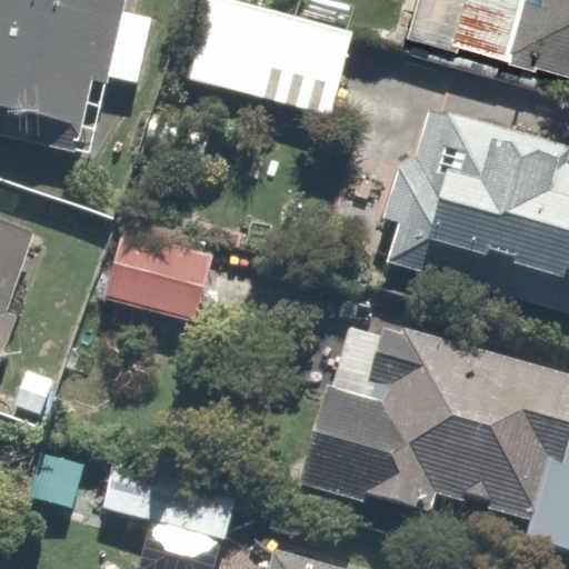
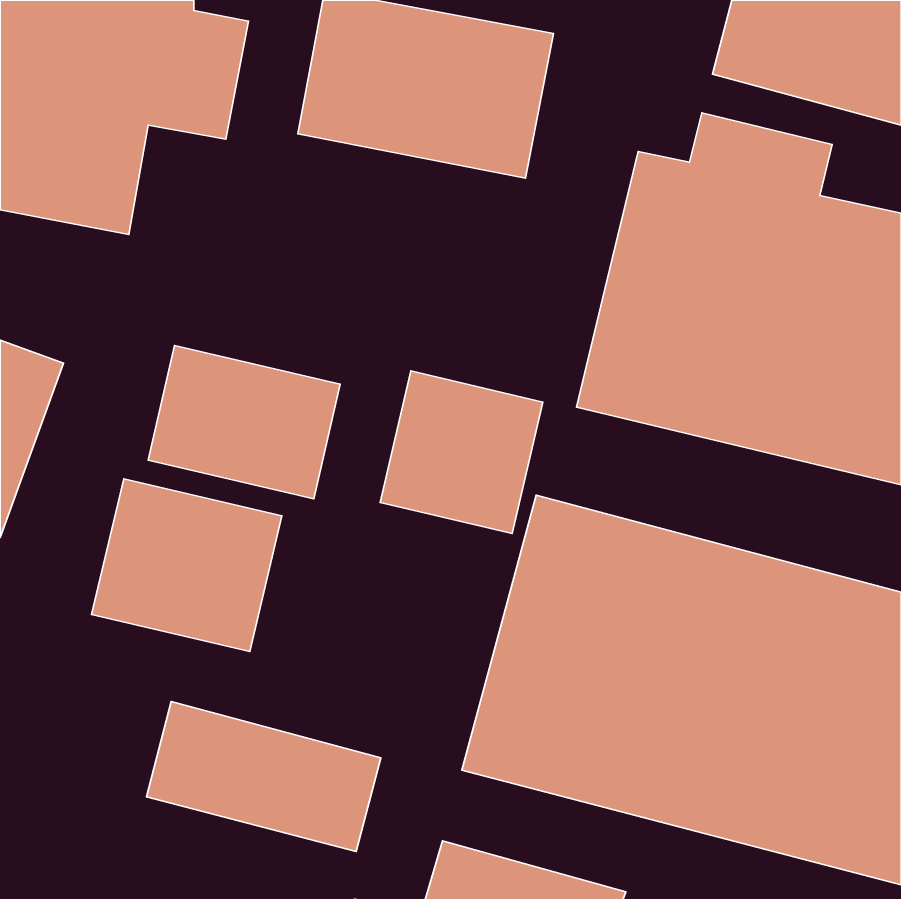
building: none -> [380,371,543,534]
building: none -> [92,479,282,651]

